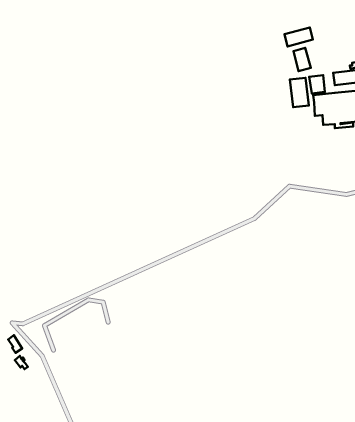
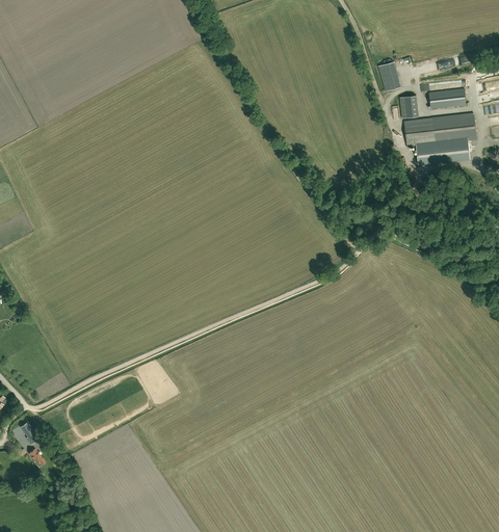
building: [284,27,313,46] -> none
building: [290,78,309,107] -> none

